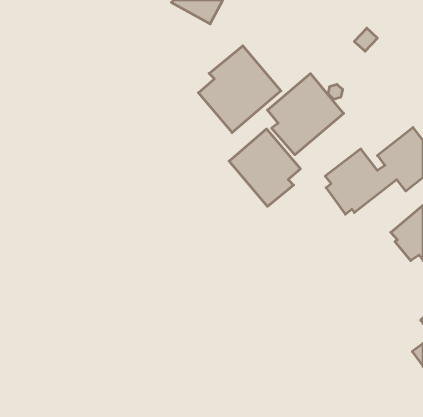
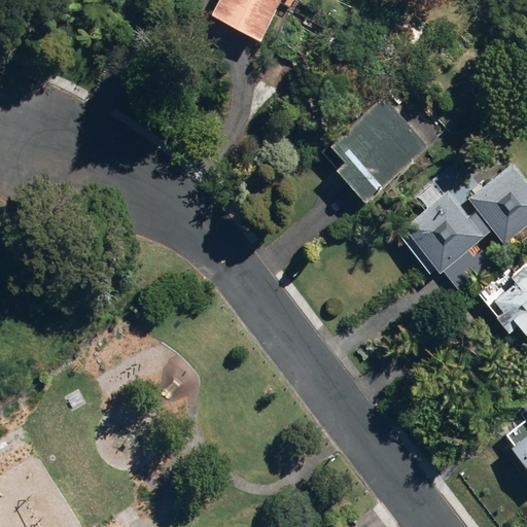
building: [198,46,281,133] -> none
building: [229,129,300,206] -> none

